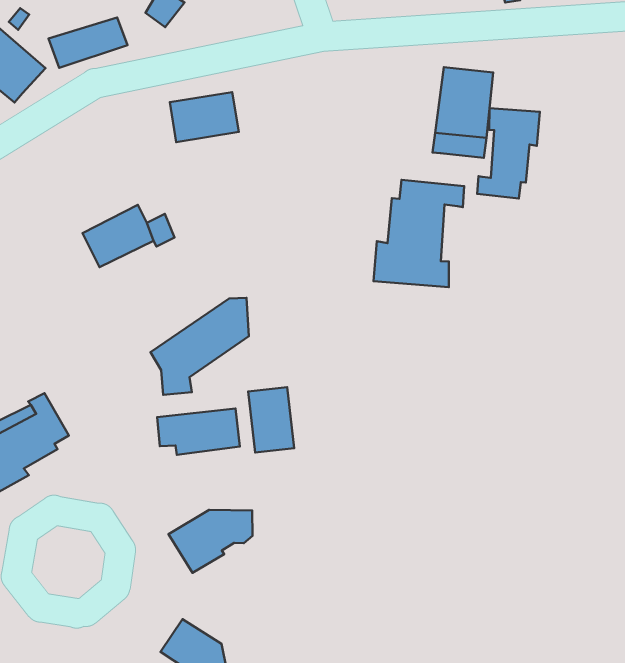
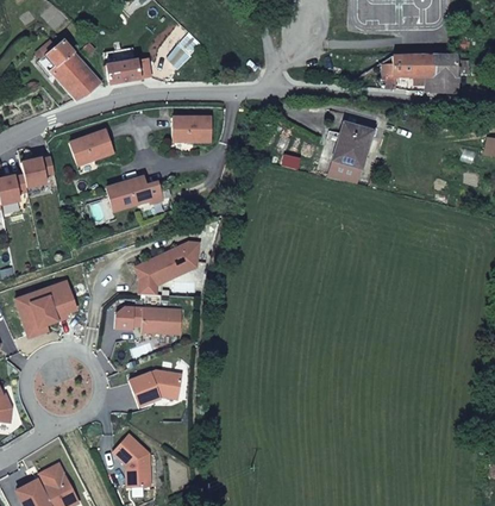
building: [477,108,540,198] -> none
building: none -> [68,129,113,165]
building: [374,180,464,287] -> none
building: [248,387,294,453] -> none

